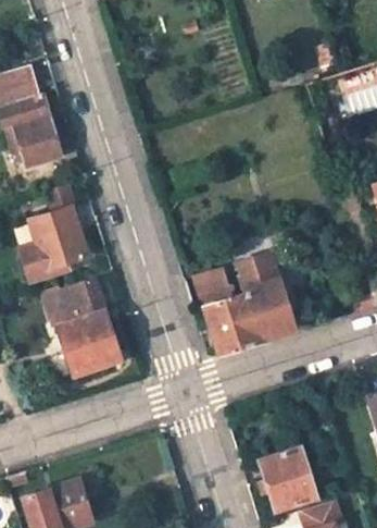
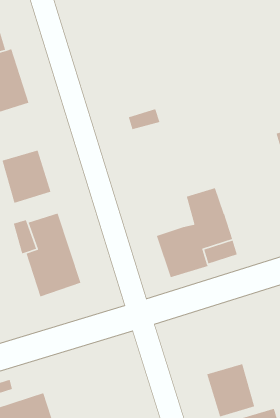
building: [196,268,234,306] -> none

